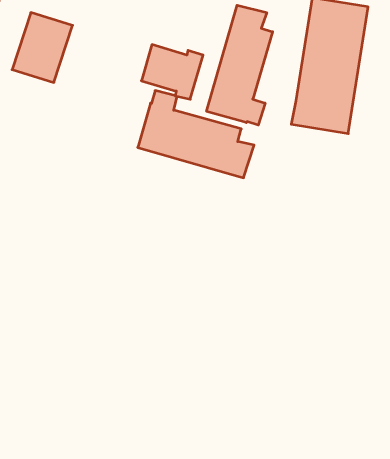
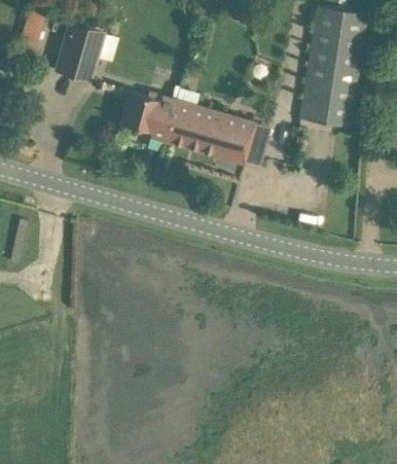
building: [207,5,273,125] -> none
building: [141,45,203,99] -> [120,93,175,141]

